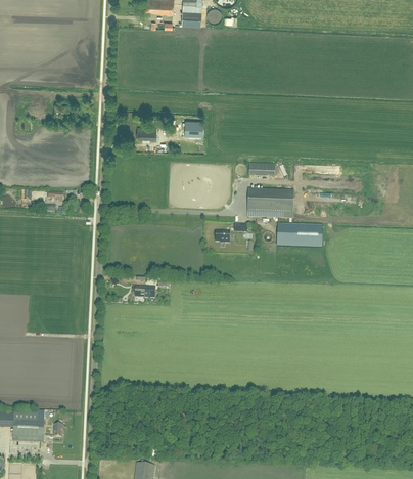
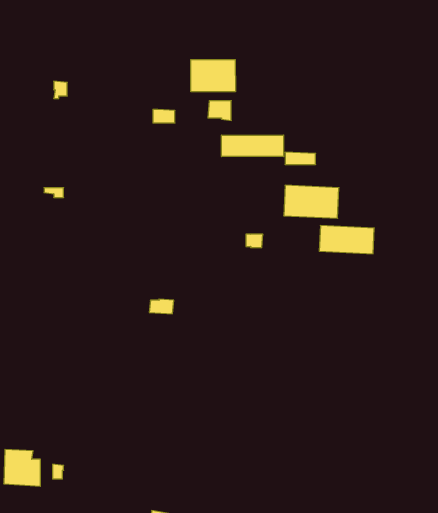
building: none -> [191,60,235,92]
building: none -> [222,135,284,157]

